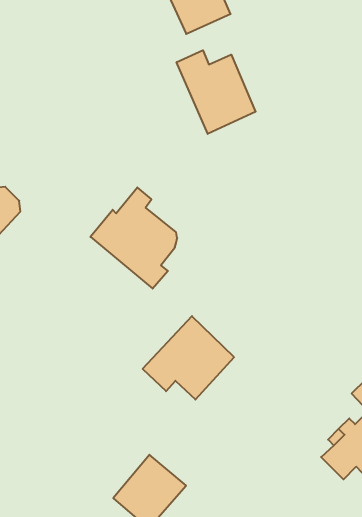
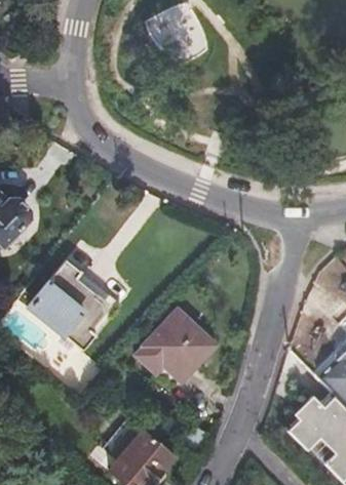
building: [177,50,256,134] -> none
building: [90,187,177,289] -> [27,260,103,349]

